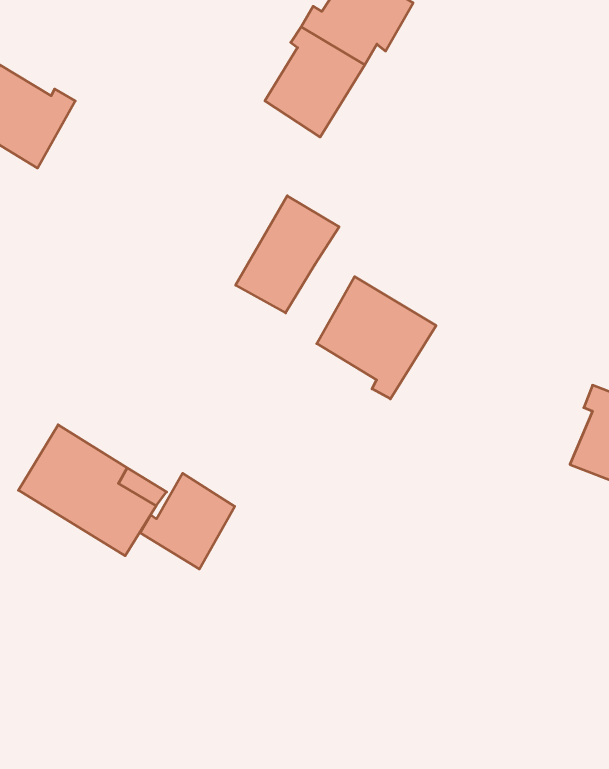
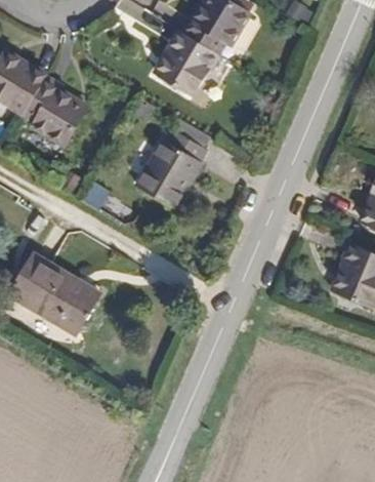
building: none -> [25,73,85,142]
building: [317,277,436,399] -> none
building: [140,473,235,569] -> none

